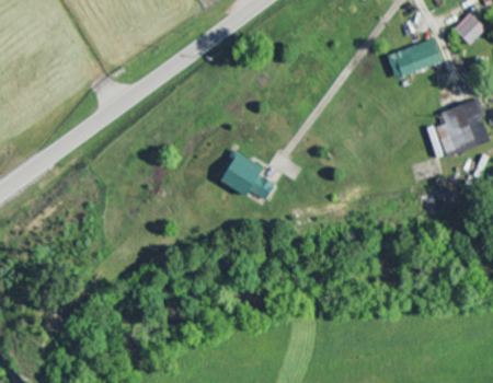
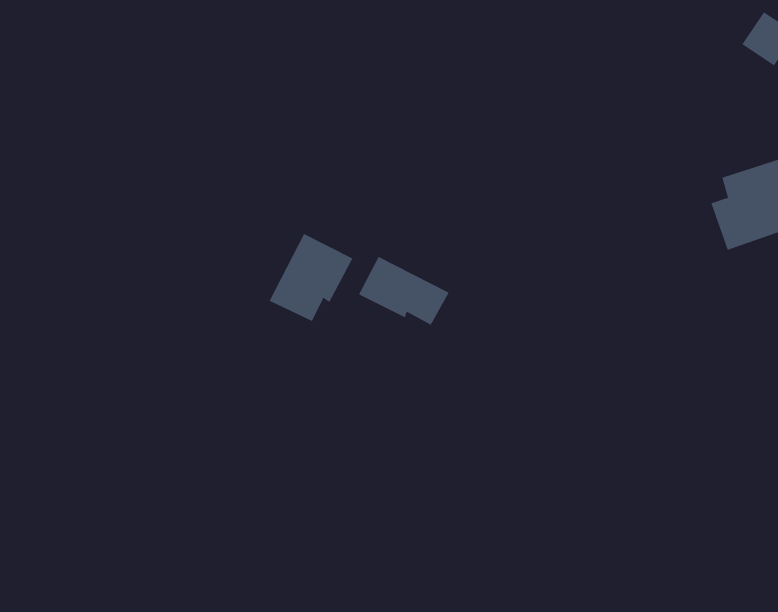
building: [386,38,440,78] -> none
building: none -> [269,233,353,322]

